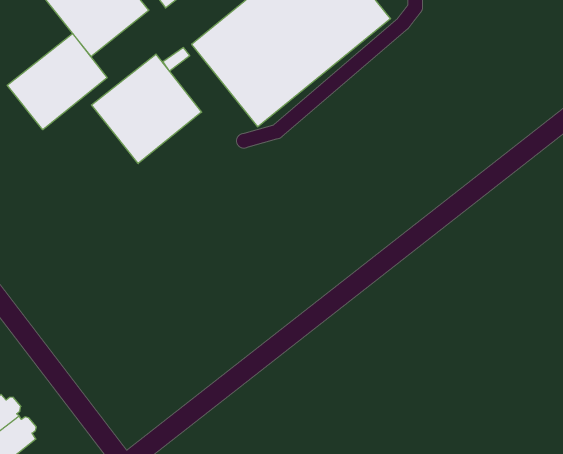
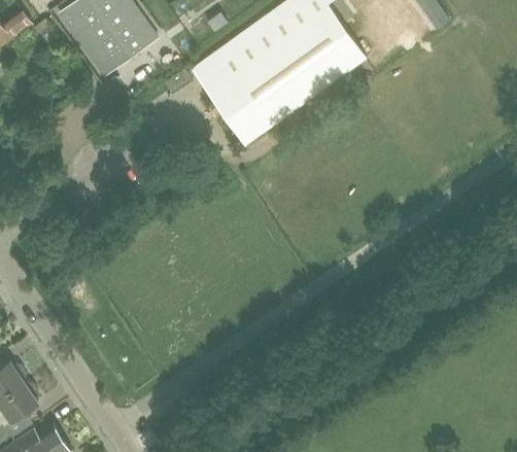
building: [7,33,107,130] -> none
building: [91,54,202,164] -> none

